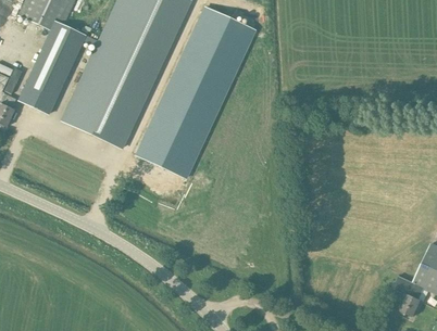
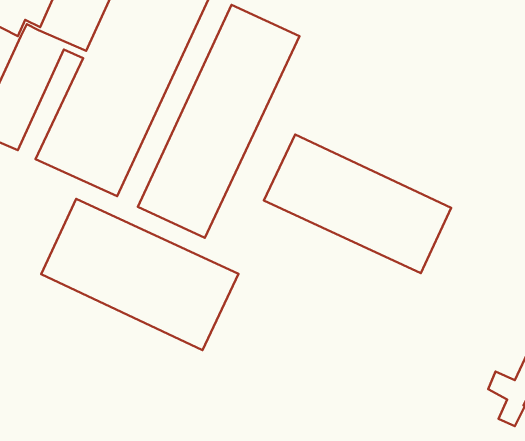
building: none -> [264,134,451,273]
building: none -> [41,199,239,350]

